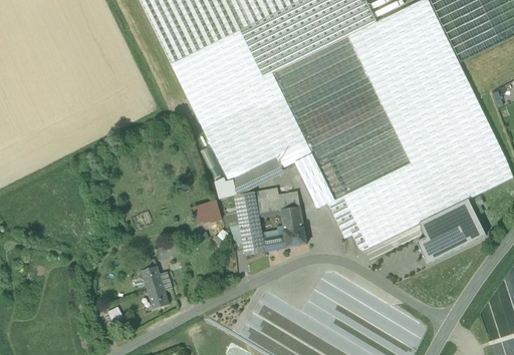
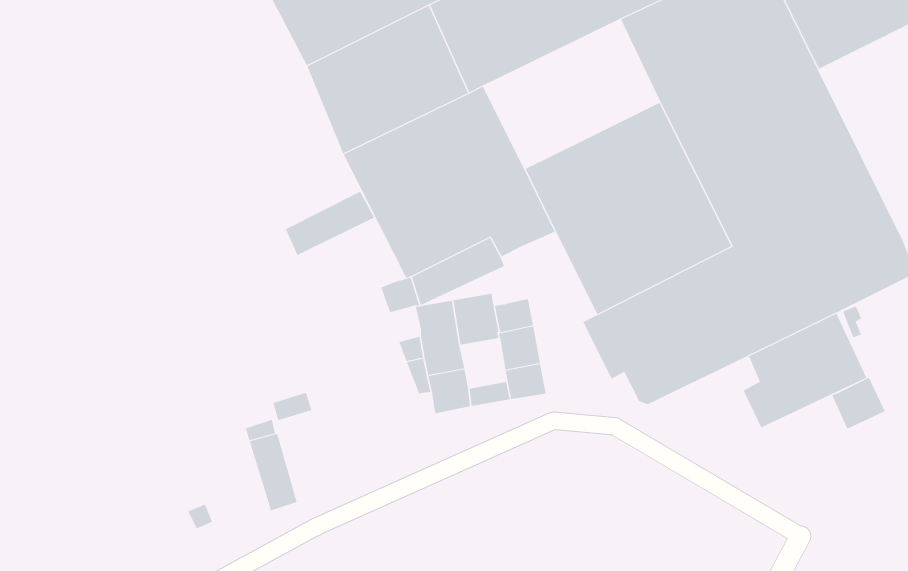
building: [272,36,370,119] -> none
building: none -> [285,191,375,256]
building: [294,154,335,210] -> none
building: [191,200,221,225] -> none
building: none -> [831,377,885,430]

